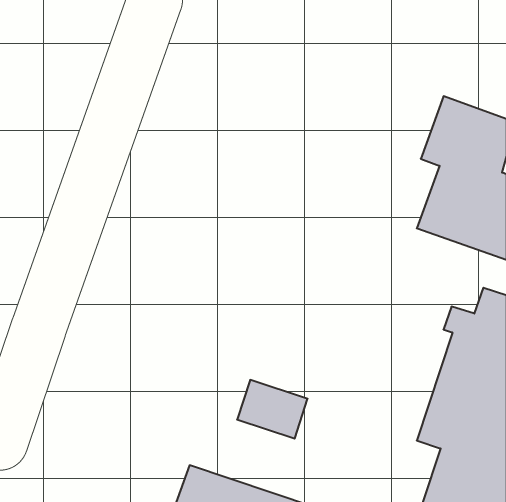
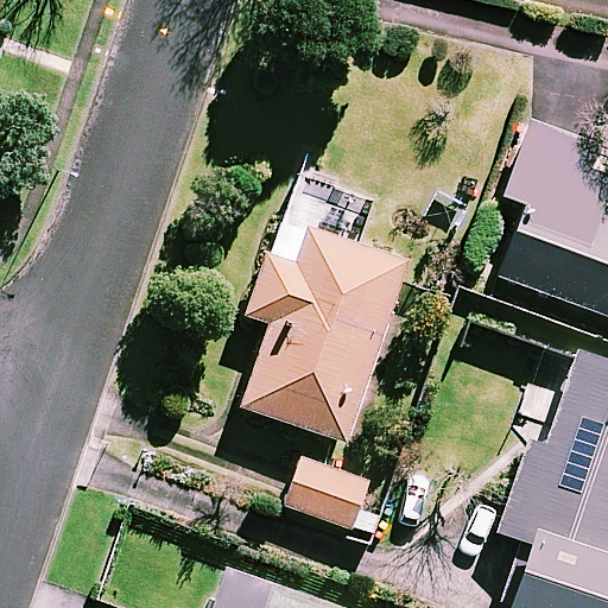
building: none -> [241,186,408,442]

